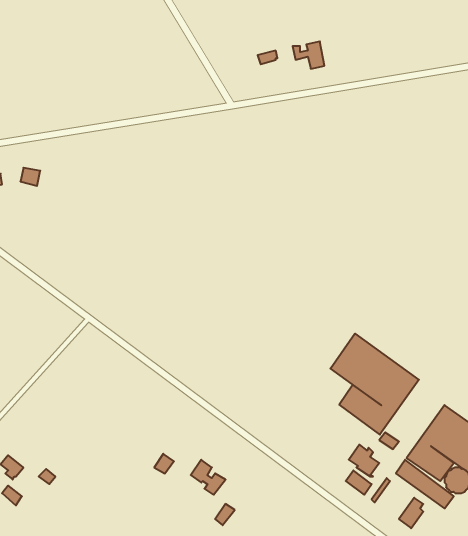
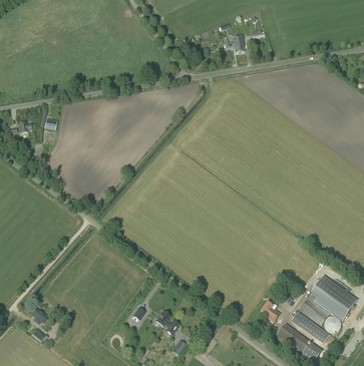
building: [330,334,419,435] -> none

